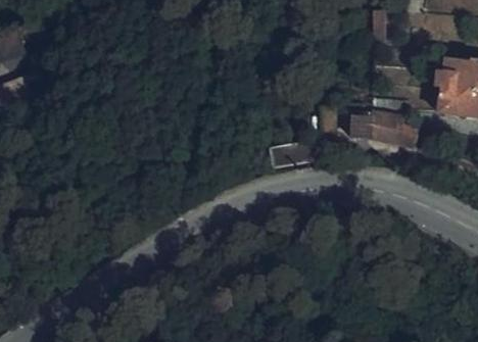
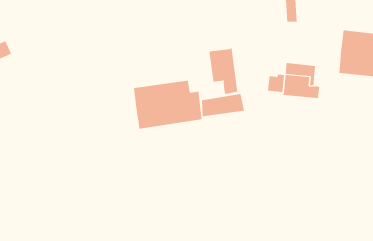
building: none -> [209,47,238,95]
building: none -> [133,80,202,130]

